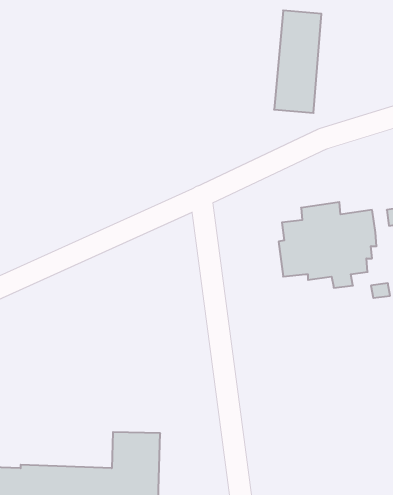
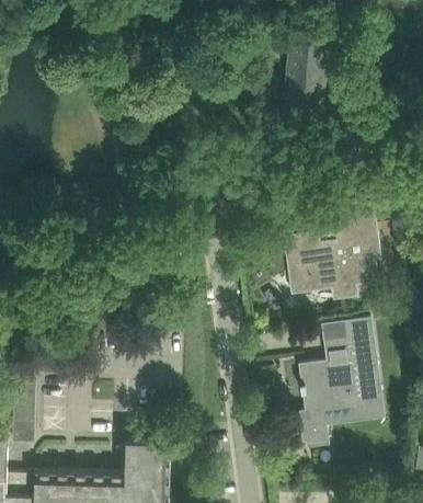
building: none -> [299,321,382,447]

